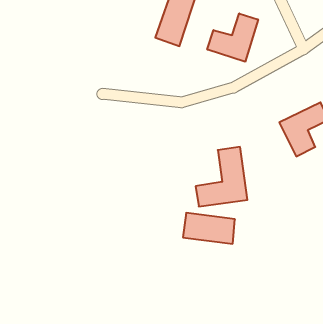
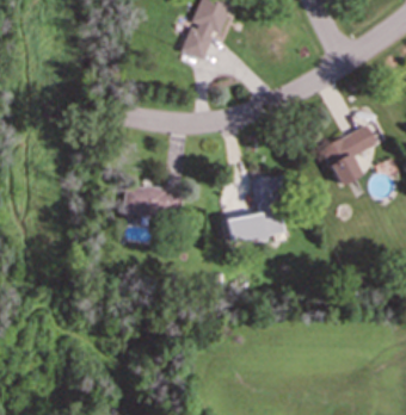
building: [207,13,258,62] -> none
building: [183,213,235,244] -> [123,185,182,219]

